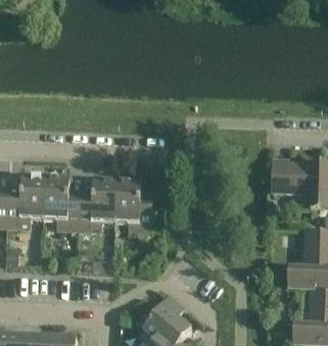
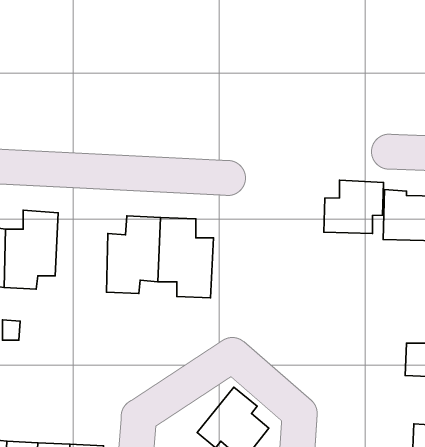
building: none -> [324,180,383,233]
building: [43,175,80,230] -> none

